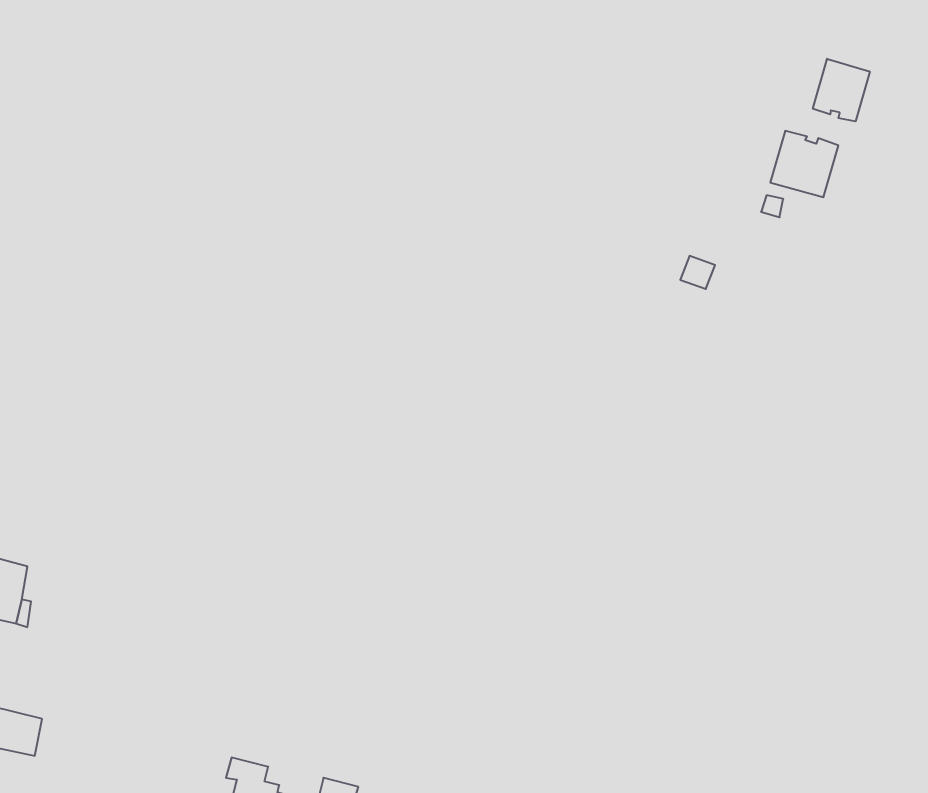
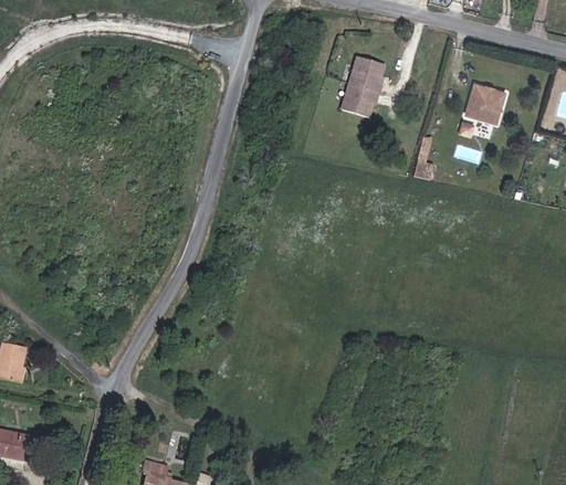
building: [813,59,870,121] -> none
building: none -> [343,55,386,116]

